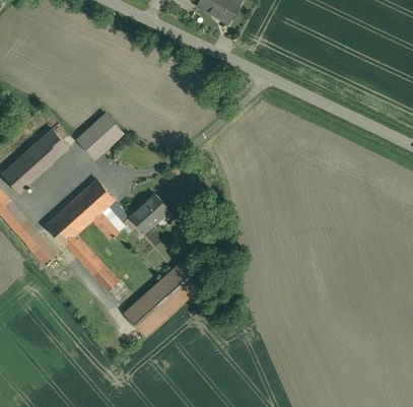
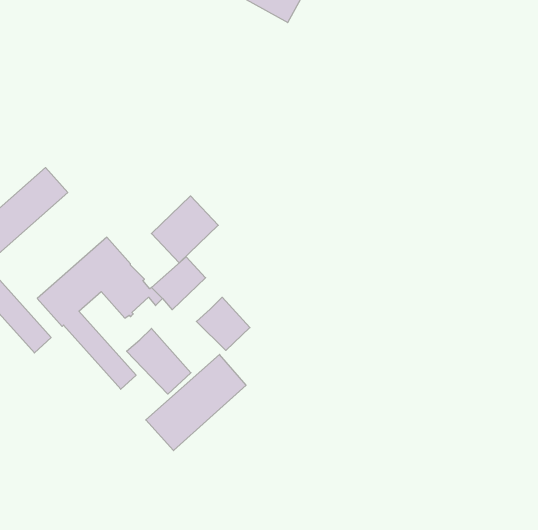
building: [73,112,122,160] -> [151,196,218,263]
building: none -> [196,297,250,350]
building: none -> [127,328,191,394]

